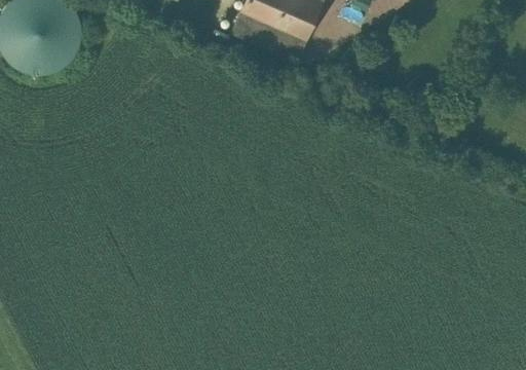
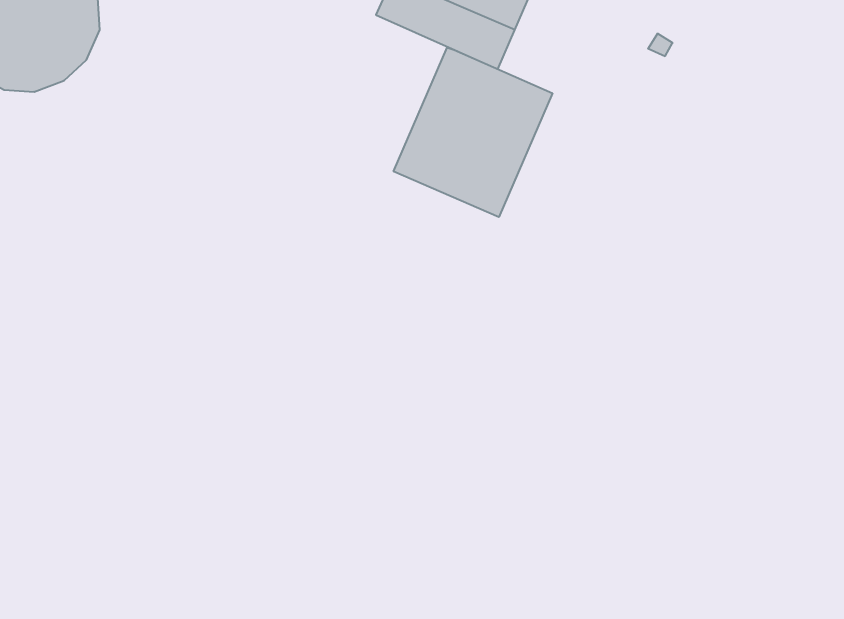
building: none -> [394,47,552,217]

